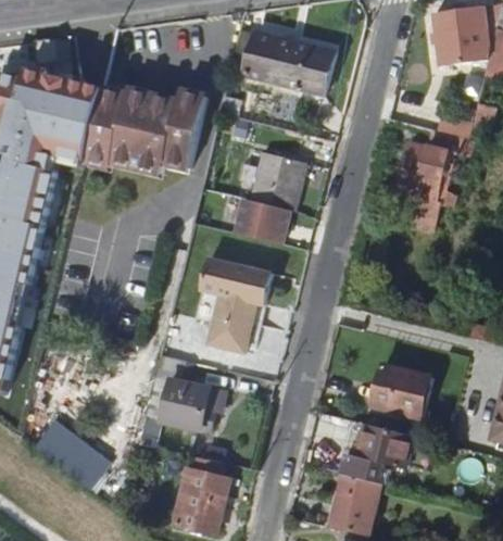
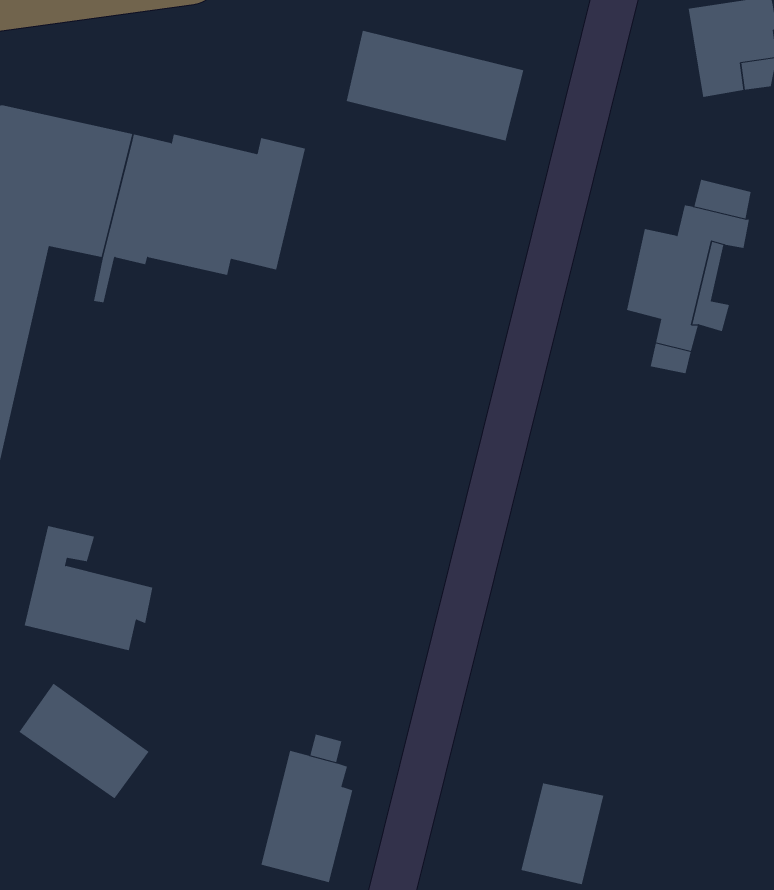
building: [234,153,302,243] -> none
building: [193,257,272,352] -> none
building: [146,355,223,430] -> [24,526,153,651]
building: [369,365,429,417] -> none
building: [340,425,431,487] -> none

